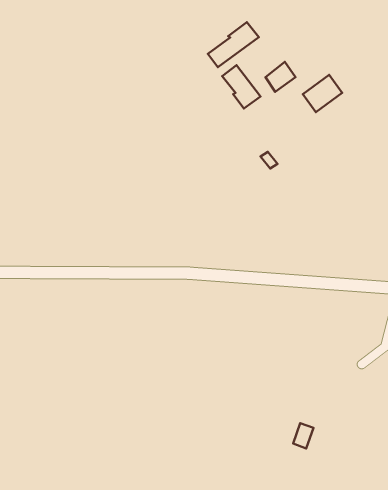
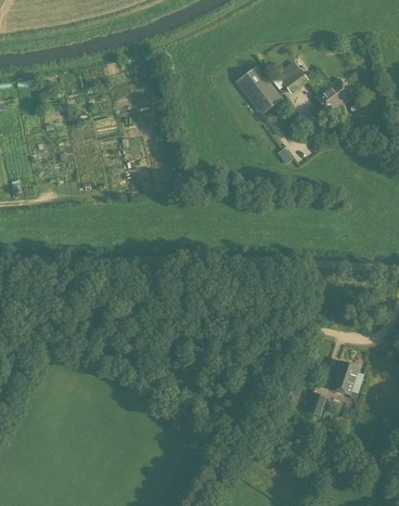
building: [208,22,259,67] -> none
building: none -> [331,360,363,394]

